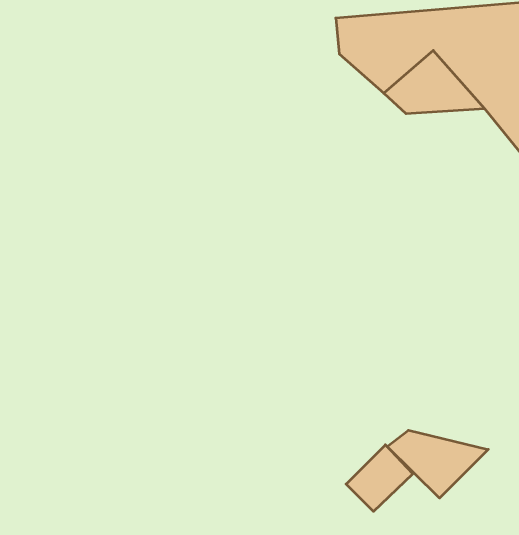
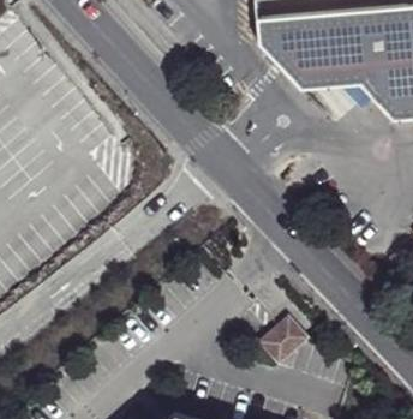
building: [387,430,488,498] -> none

